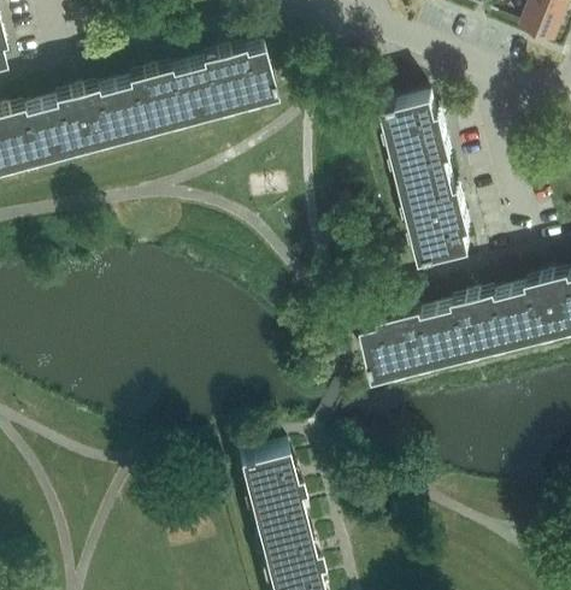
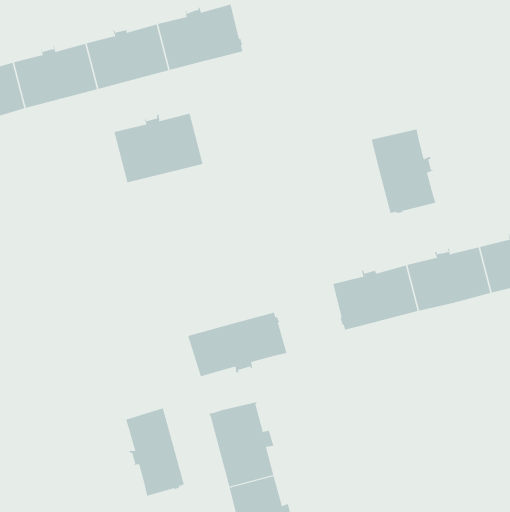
building: [385,101,451,187] -> none
building: none -> [114,113,203,183]
building: none -> [187,312,287,377]
building: none -> [126,407,184,496]

